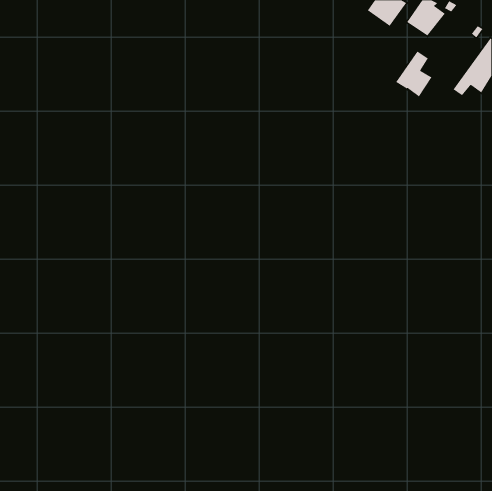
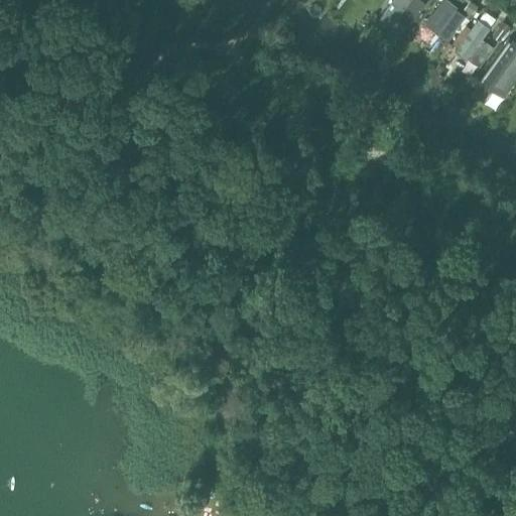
building: [395,50,433,98] -> [455,18,494,68]

